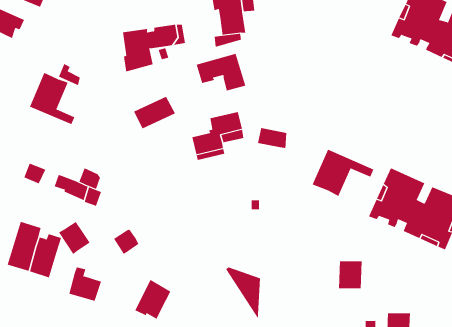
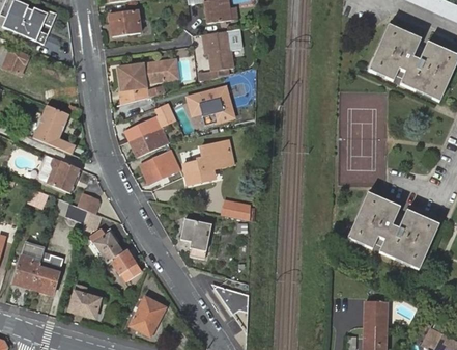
building: none -> [125,103,174,140]
building: none -> [141,150,180,183]
building: [257,127,287,149] -> [223,200,251,220]
building: none -> [50,158,84,193]
building: [312,149,374,197] -> none
building: none -> [180,218,211,258]
building: [58,221,91,255] -> [93,231,123,262]
building: [338,261,363,289] -> [365,301,388,327]

